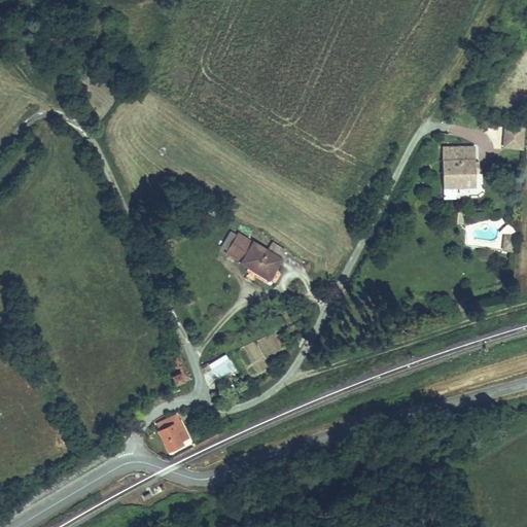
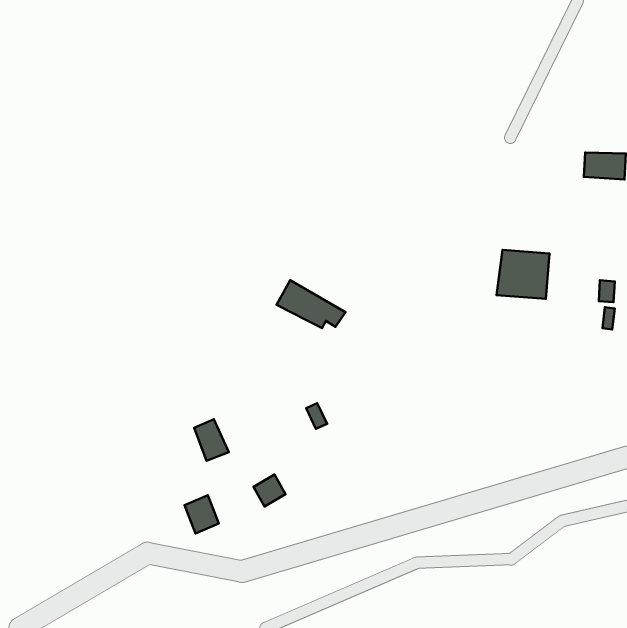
building: [438,153,483,195] -> [497,250,549,299]
building: [207,354,234,381] -> [253,475,285,506]

